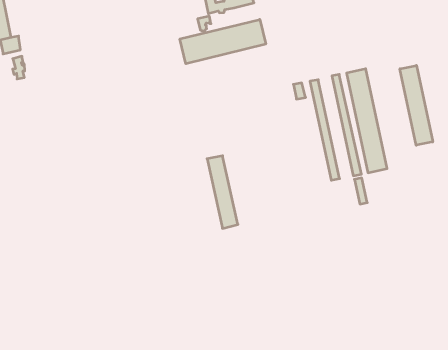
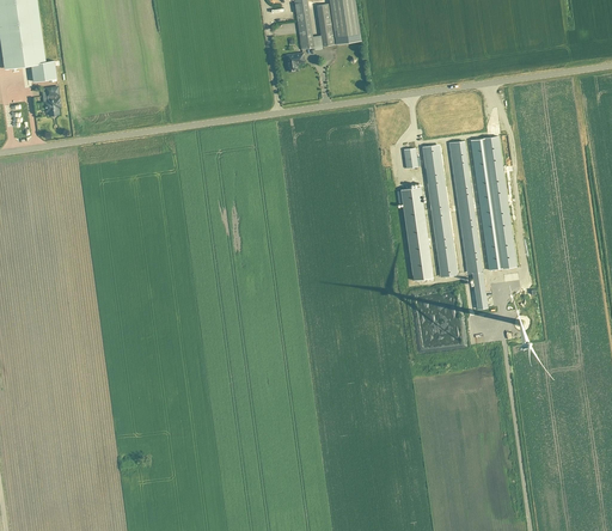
building: [180,19,266,64] -> none
building: [400,65,433,145] -> none
building: [207,156,238,228] -> [399,187,433,280]

